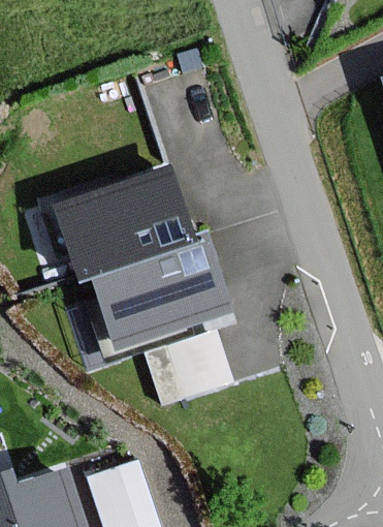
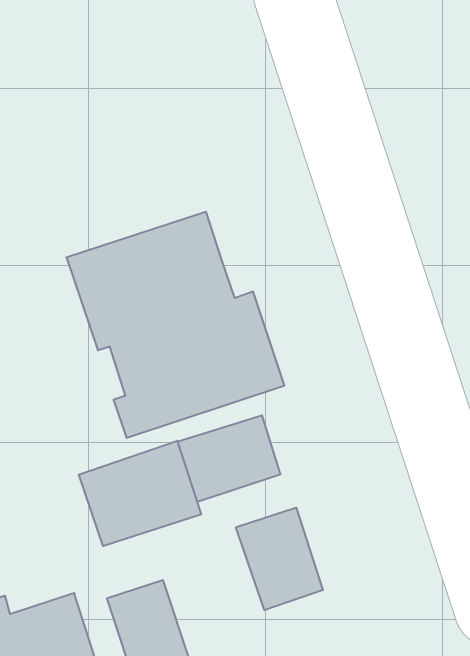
building: none -> [79,441,201,546]
building: none -> [236,508,323,610]

